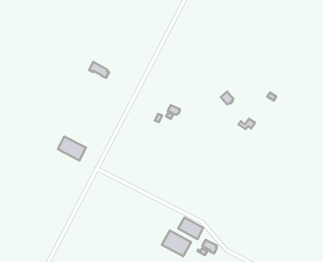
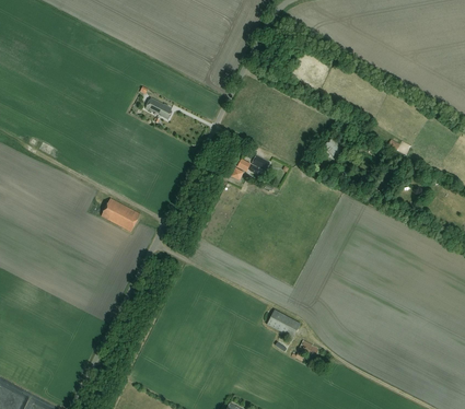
building: [162,231,191,256] -> none

